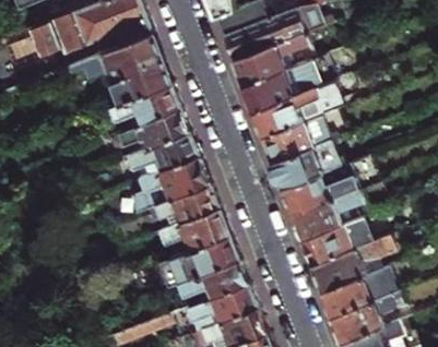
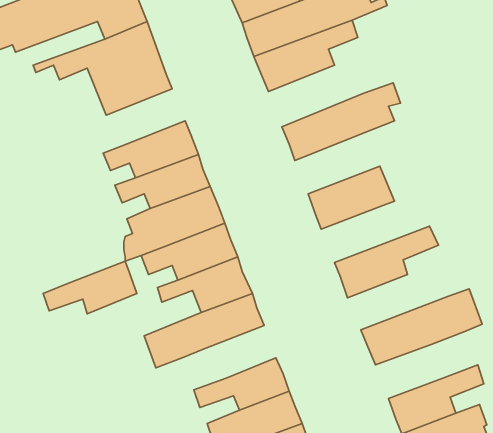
building: [240,59,333,112] -> none
building: [108,84,178,127] -> none
building: [260,115,328,163] -> none
building: [280,171,360,214] -> none
building: [299,215,375,264] -> none
building: [176,261,246,300] -> [43,261,137,314]
building: [320,265,392,315] -> none

